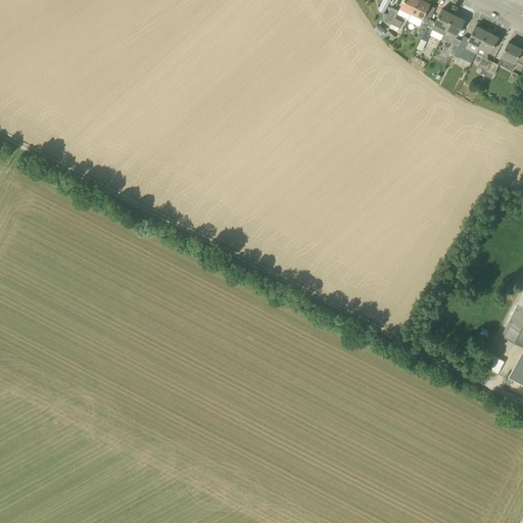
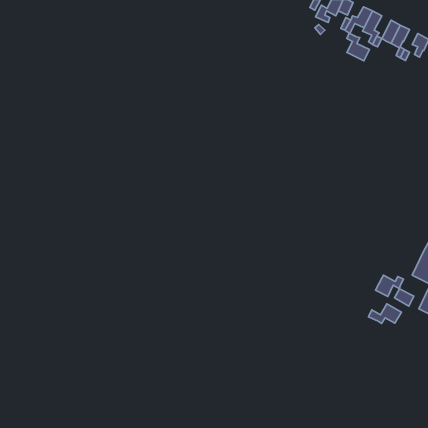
building: none -> [347,33,369,61]
building: none -> [375,275,403,296]
building: none -> [369,304,401,323]

